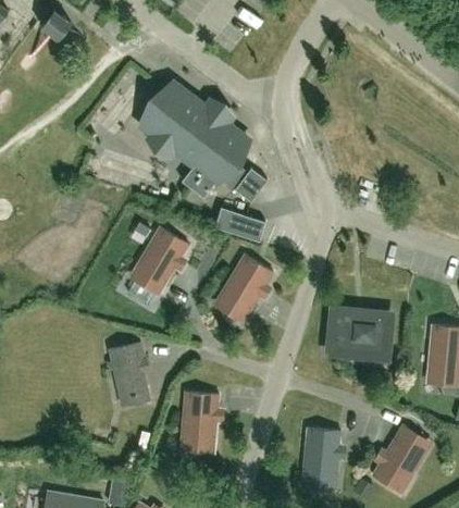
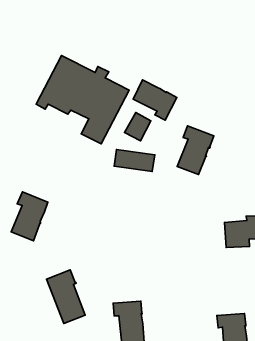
building: none -> [133,80,177,120]
building: [138,226,188,287] -> [11,192,48,241]
building: [223,253,273,314] -> [177,126,214,175]

